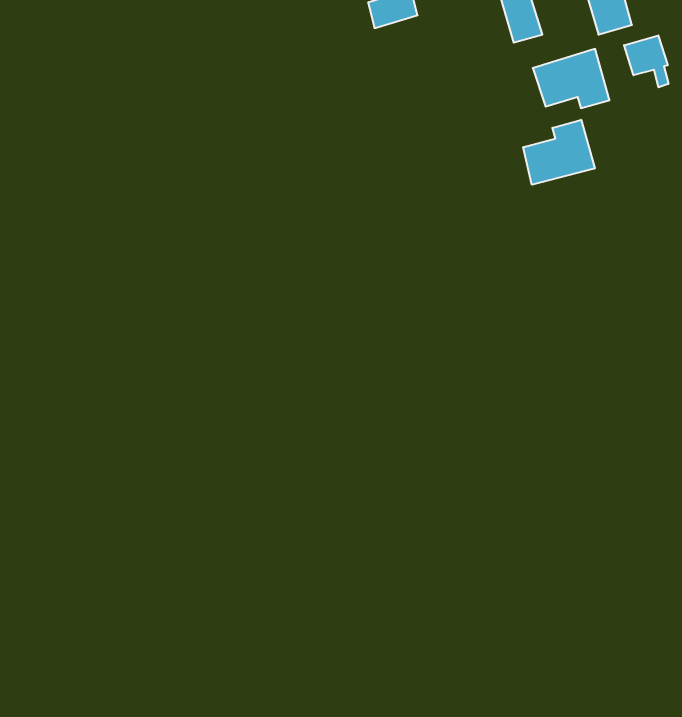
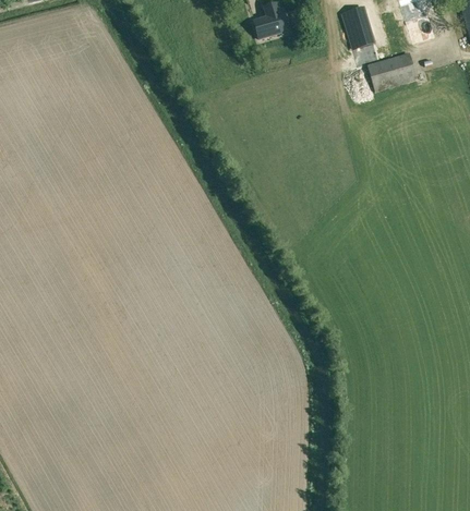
building: [624,35,668,87] -> none
building: [523,120,595,185] -> none

